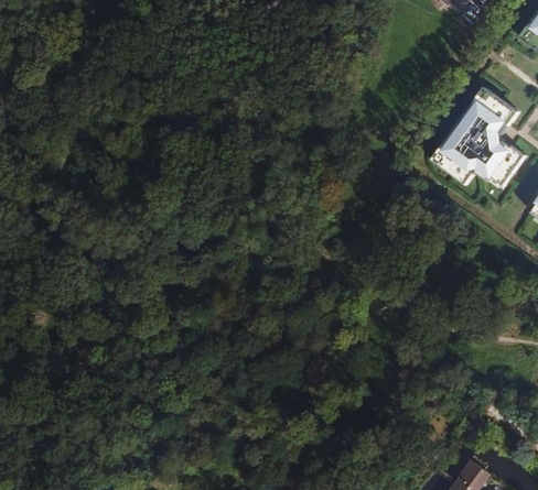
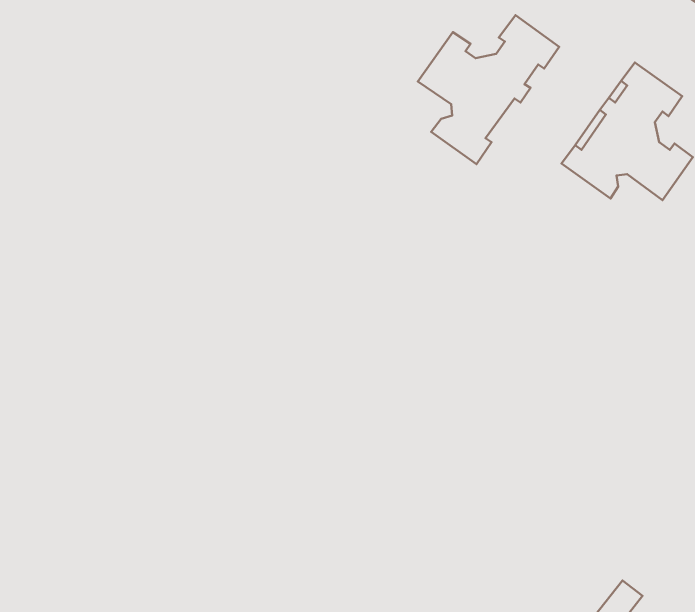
building: none -> [418,15,559,164]

